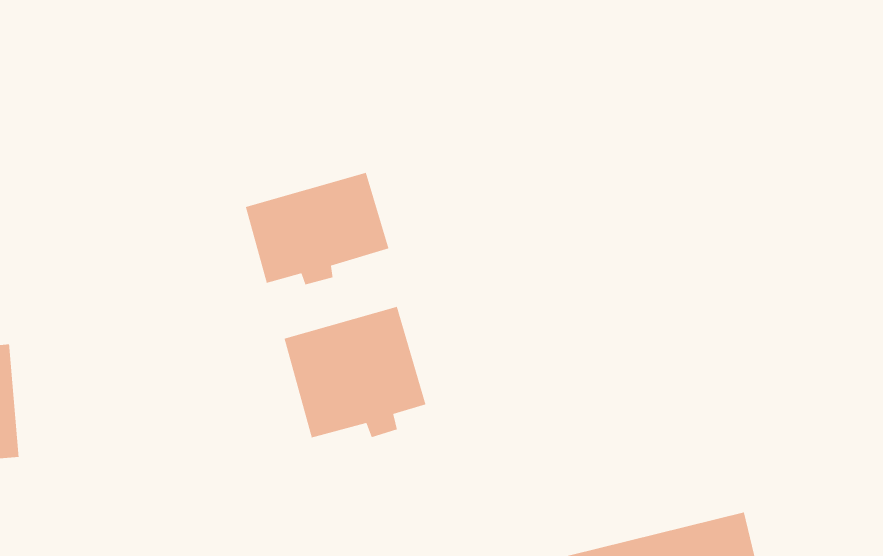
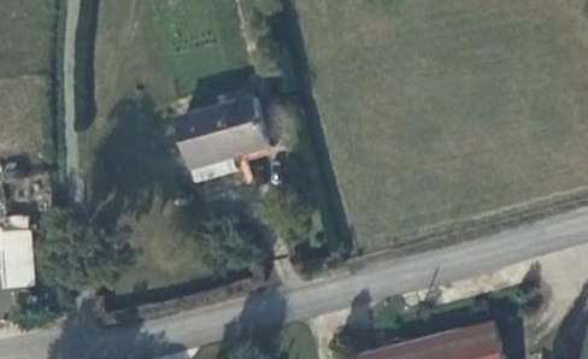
building: [284,306,426,439] -> none

